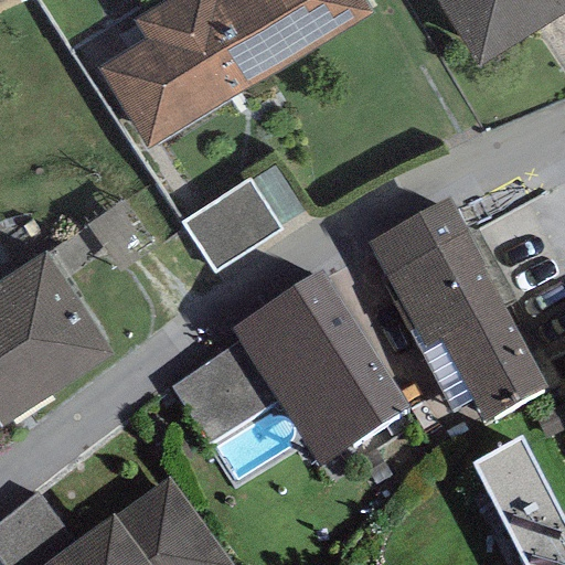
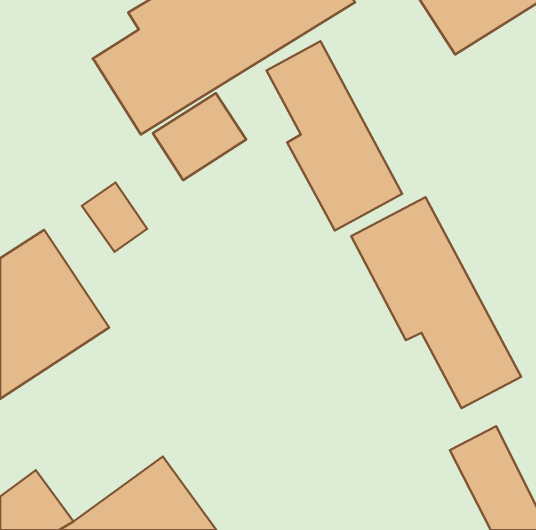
building: none -> [266,41,402,230]
building: [184,174,282,266] -> [153,93,246,180]
building: [171,281,408,475] -> none

